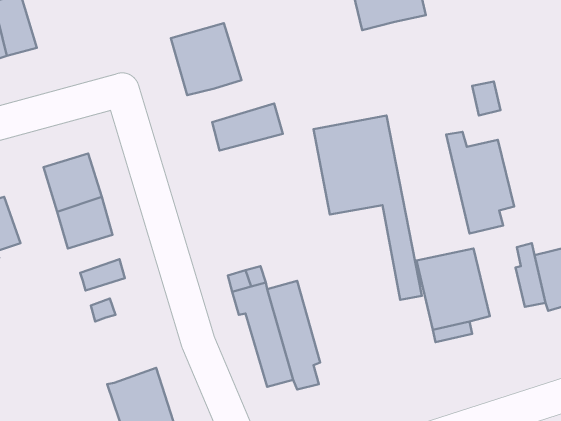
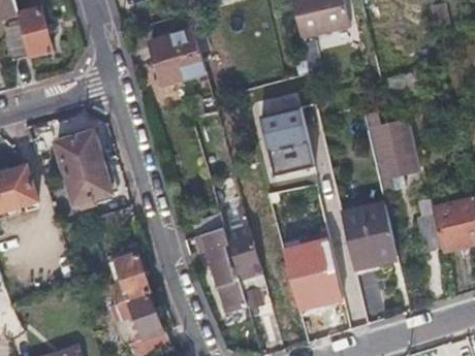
building: [212,103,283,150] -> none
building: none -> [285,240,343,310]
building: none -> [107,255,144,305]

